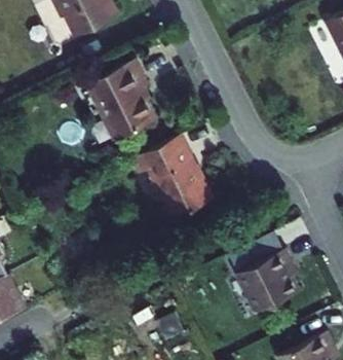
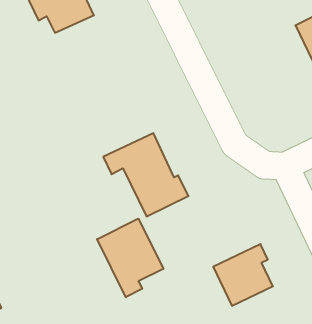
building: [88,59,153,139] -> none
building: none -> [97,219,163,297]

